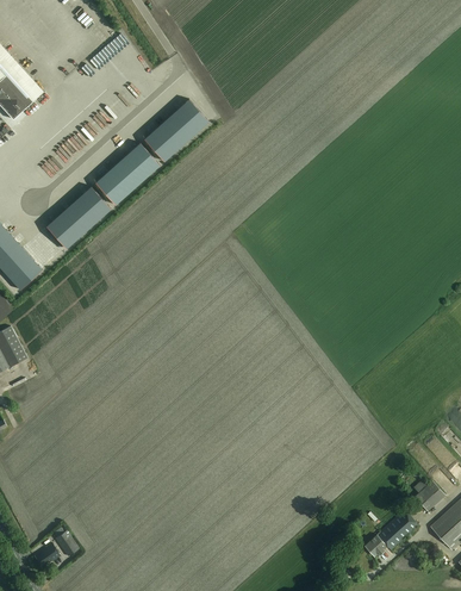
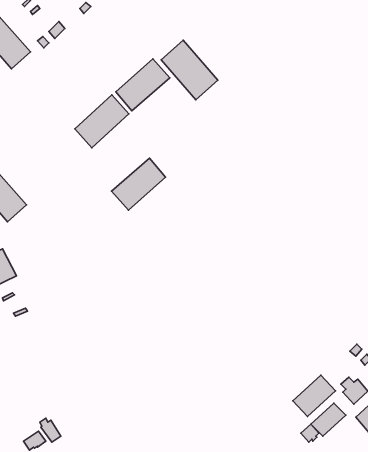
building: none -> [161,40,218,100]
building: [45,187,110,249] -> [112,158,166,210]
building: none -> [293,375,336,416]

